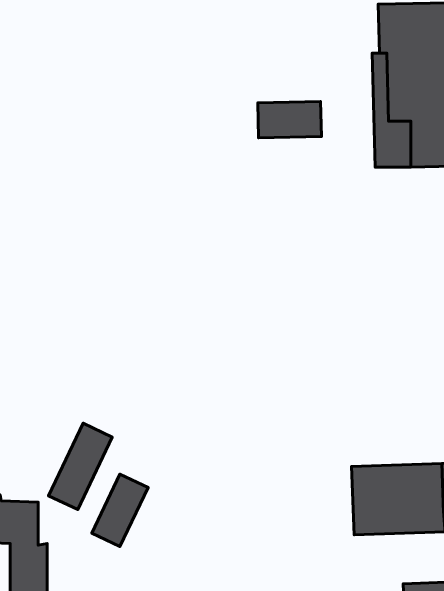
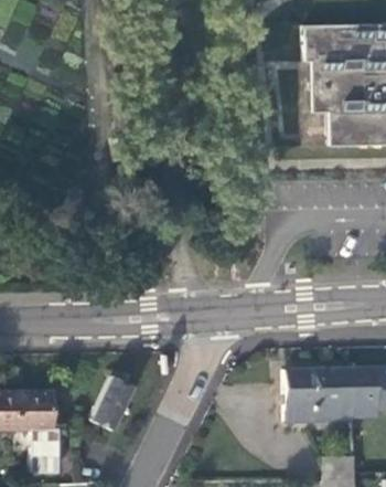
building: [258,101,321,138] -> none
building: [49,423,112,510] -> none

